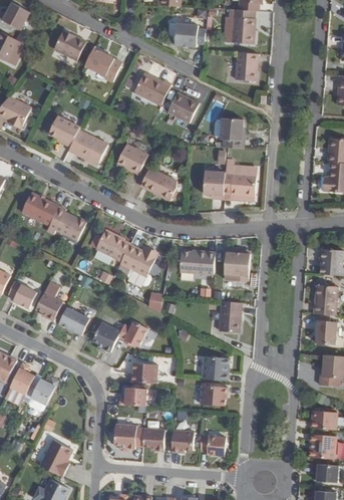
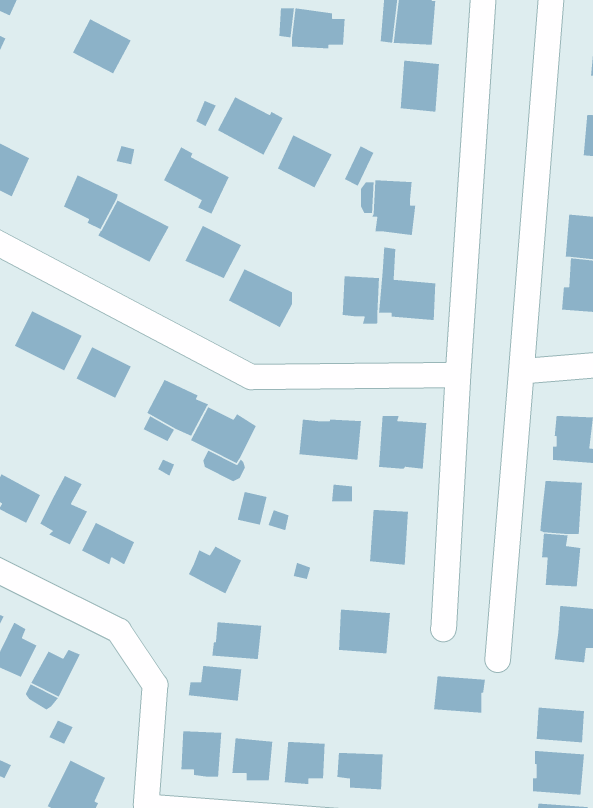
building: [84,44,121,82] -> [163,146,230,215]
building: [91,321,120,352] -> none
building: [199,385,228,406] -> [433,675,486,713]

